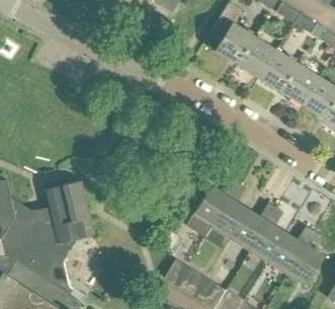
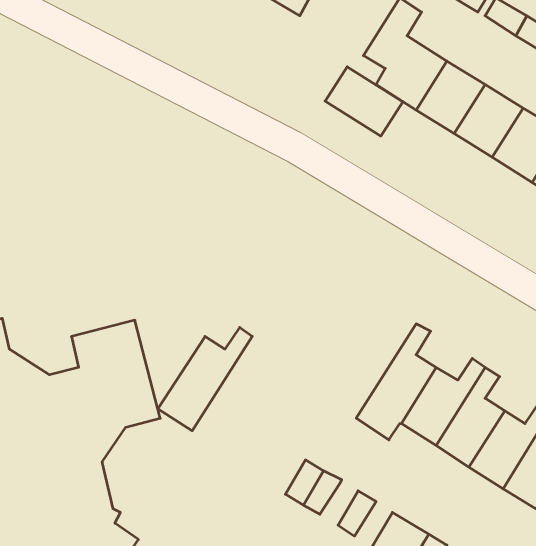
building: none -> [325,67,403,136]
building: [185,178,238,236] -> [158,327,252,431]

